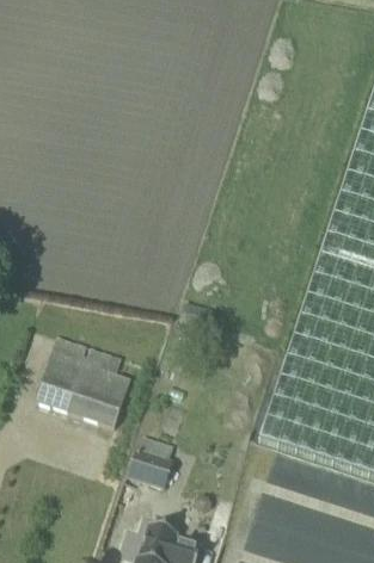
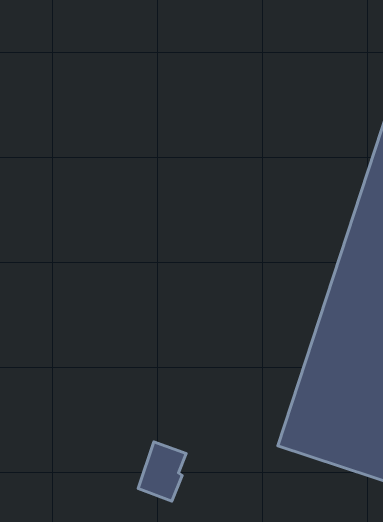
building: [33,338,129,432] -> none

